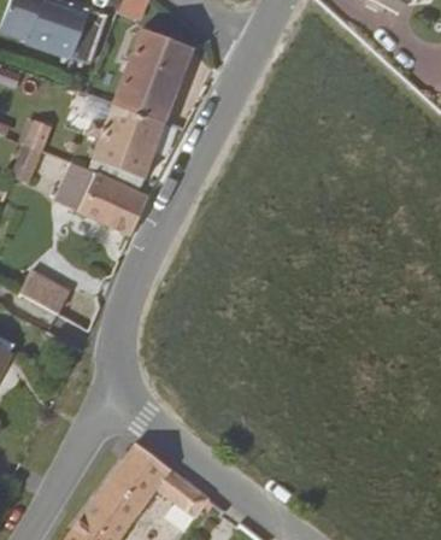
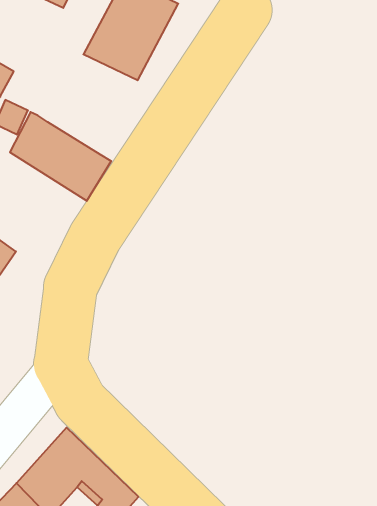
building: [87,102,164,192] -> none

